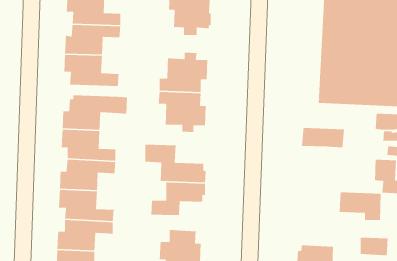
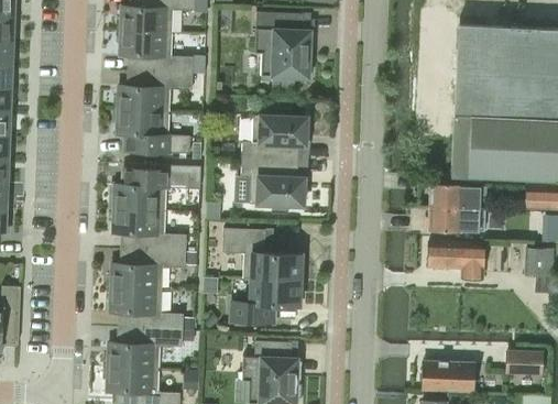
building: none -> [430,183,486,208]
building: [339,192,382,221] -> [428,240,484,279]

